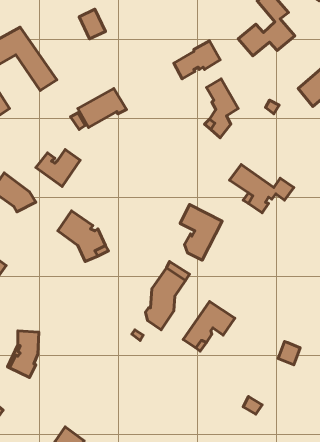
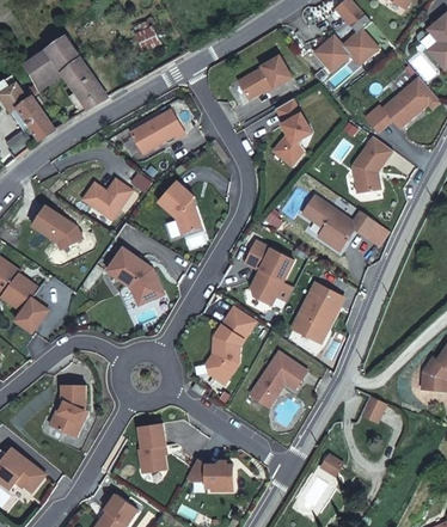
building: none -> [353,135,393,192]
building: none -> [158,180,202,234]
building: none -> [293,282,342,342]
building: none -> [140,422,167,472]
building: none -> [186,459,233,489]

